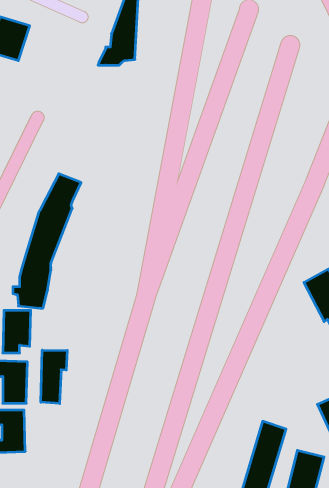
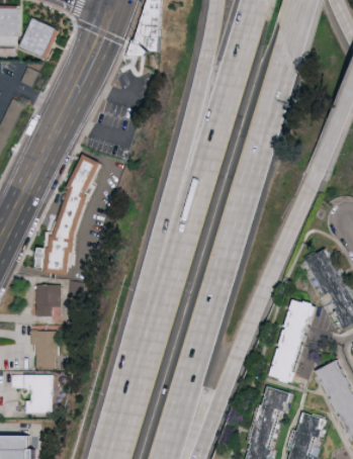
building: none -> [270,297,315,382]
building: [41,350,67,404] -> none

